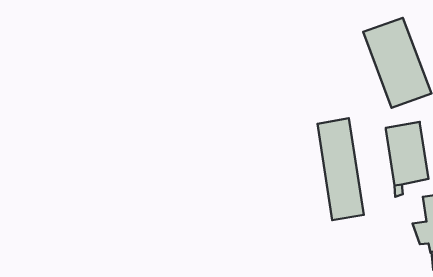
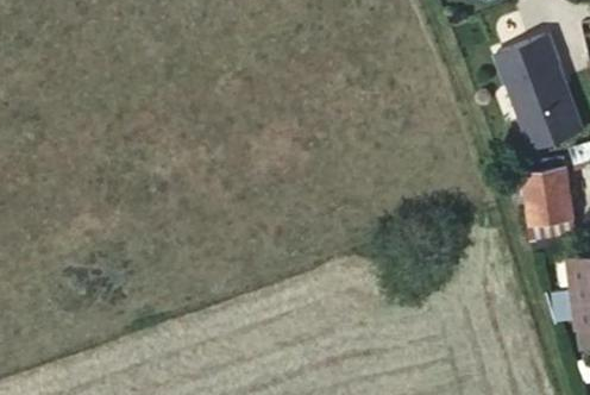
building: [317,118,364,220] -> none

